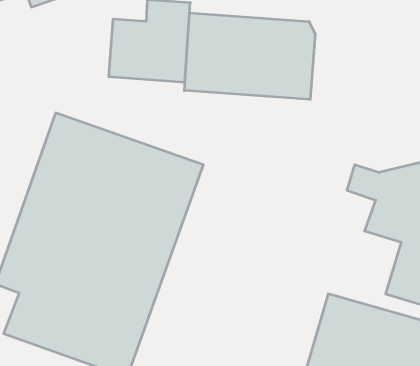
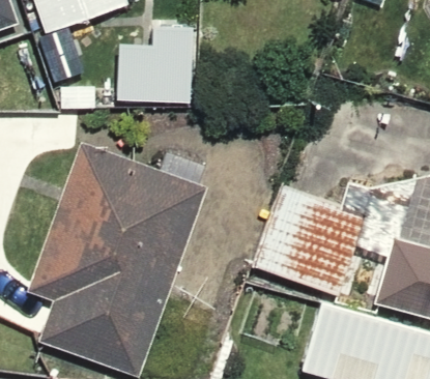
building: [184,13,315,100] -> none
building: none -> [256,185,369,297]

